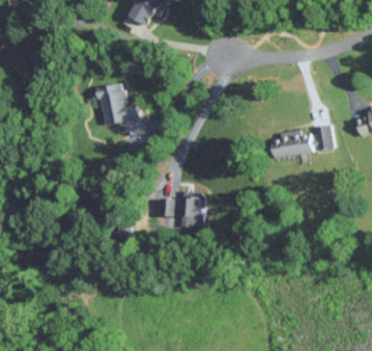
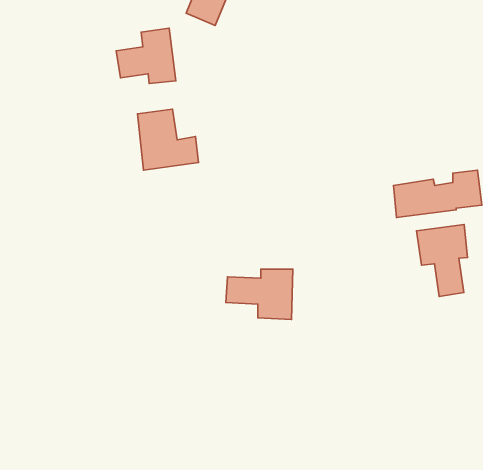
building: none -> [116,28,176,83]
building: none -> [416,224,468,297]

